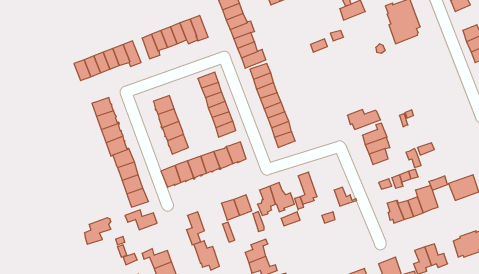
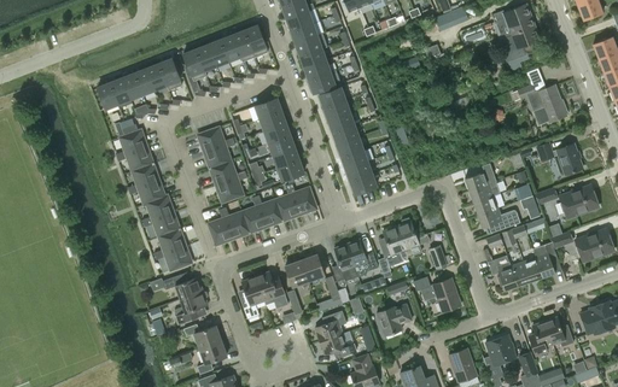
building: none -> [512,81,566,124]
building: none -> [536,142,582,175]
building: [347,110,381,129] -> [478,209,520,234]
building: none -> [559,184,597,218]
building: none -> [396,218,430,257]
building: none -> [432,278,460,311]
building: [84,218,111,244] -> [174,291,208,324]
building: none -> [377,304,412,335]
building: [194,241,219,270] -> [255,271,287,309]

